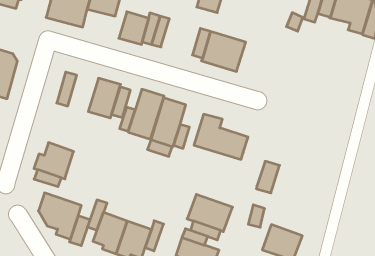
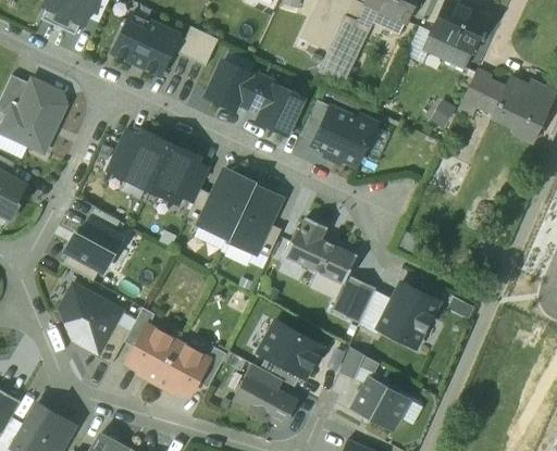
building: none -> [259,87,301,134]
building: none -> [123,131,170,187]
building: none -> [331,275,375,323]
building: none -> [379,285,437,347]

